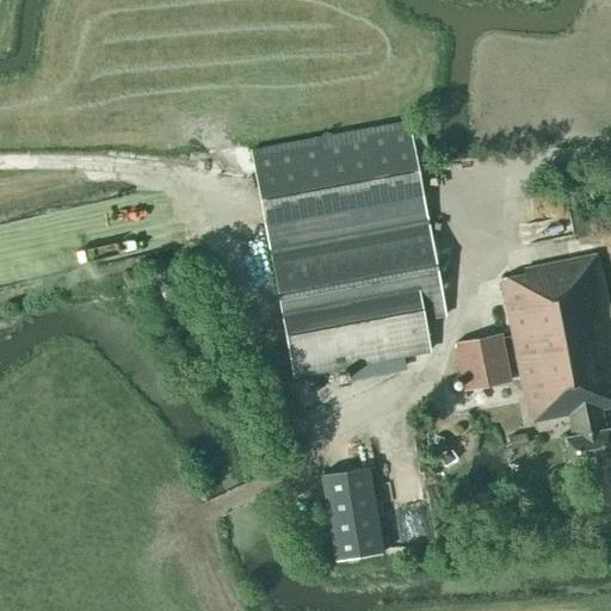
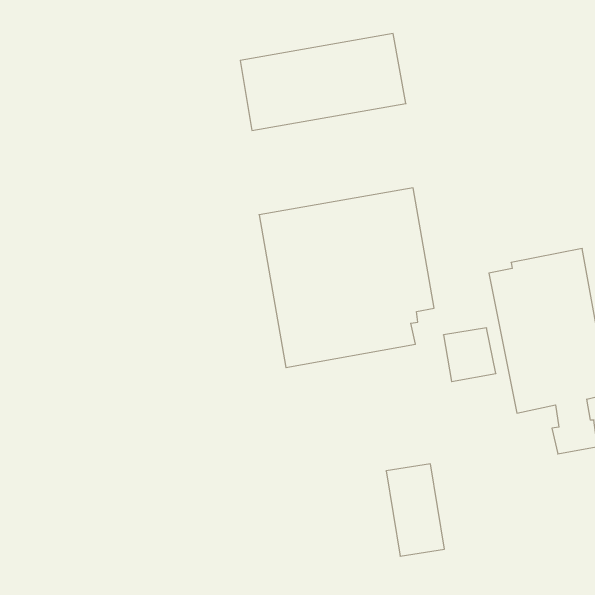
building: [254,121,424,220] -> [240,34,406,130]
building: [322,467,382,561] -> [386,464,444,556]

